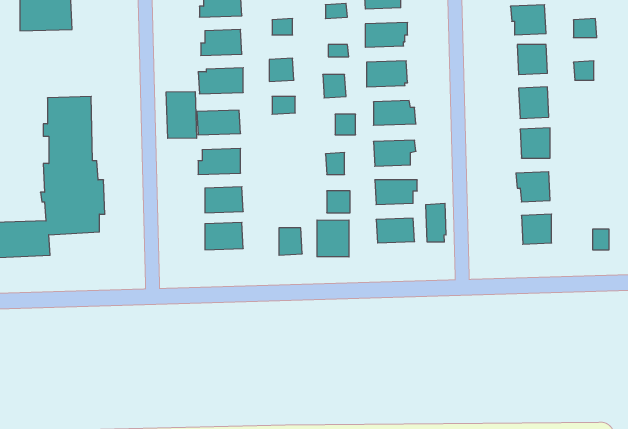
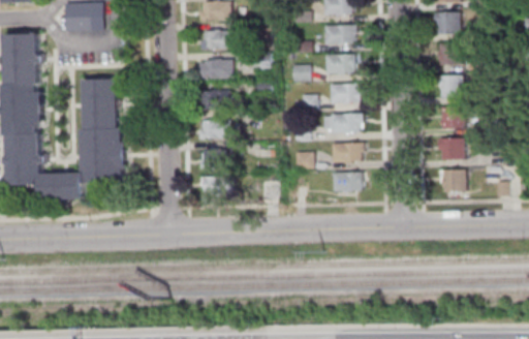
building: [166,92,197,138] -> none
building: [426,203,446,242] -> none
building: [317,220,349,257] -> none

